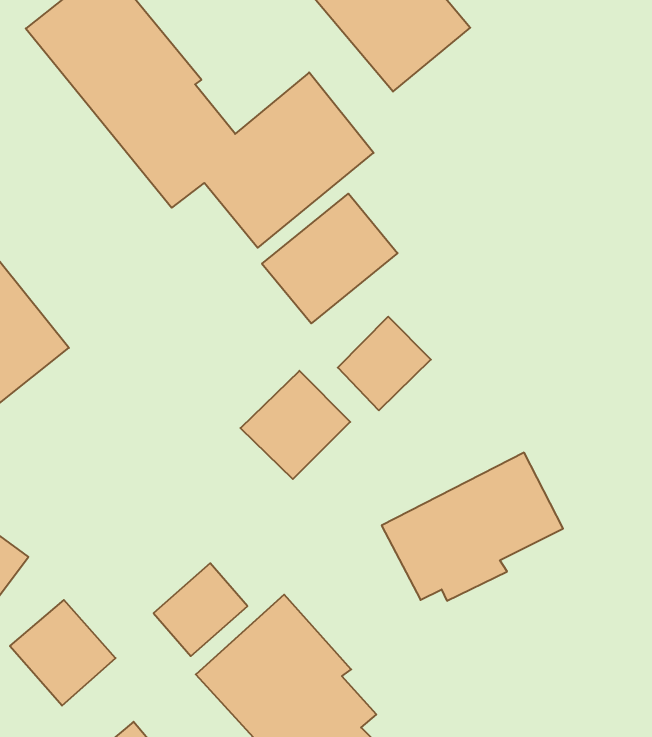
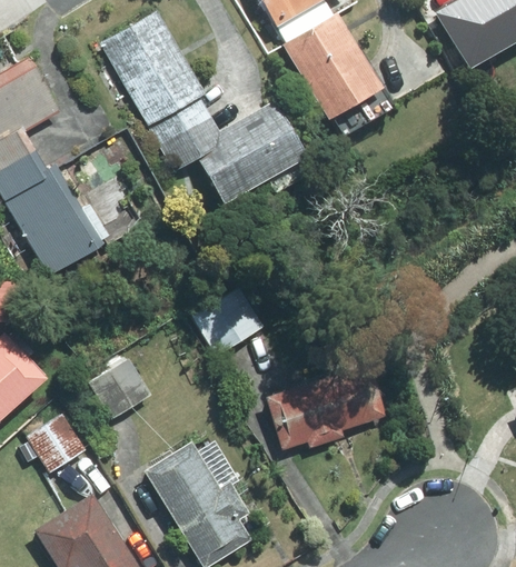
building: [262,194,398,323] -> none
building: [338,317,431,410] -> none
building: [154,563,247,656] -> [91,362,151,419]

